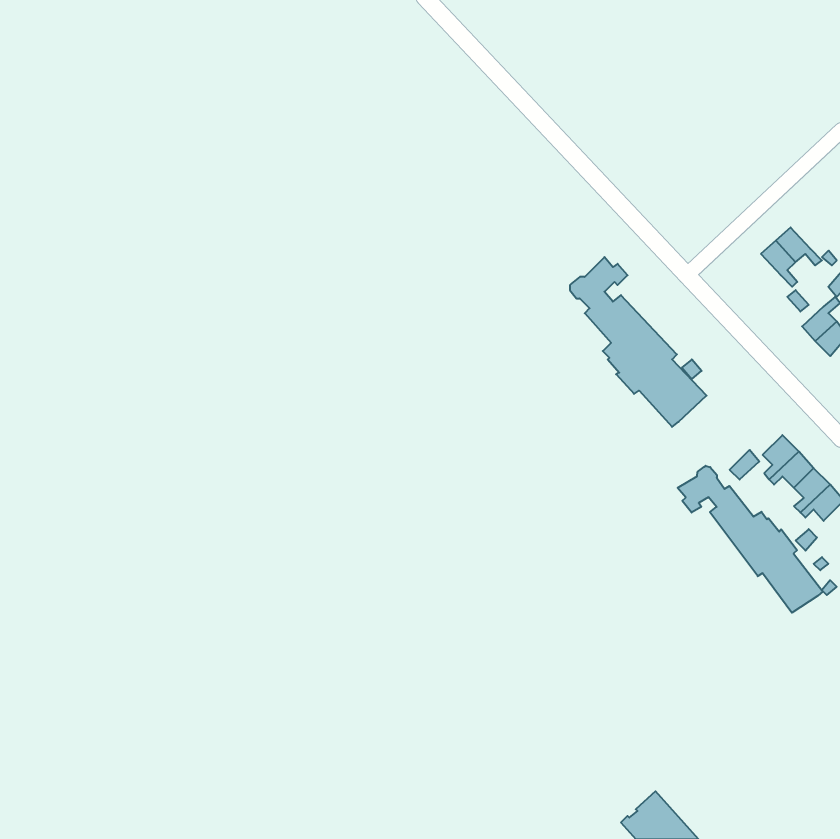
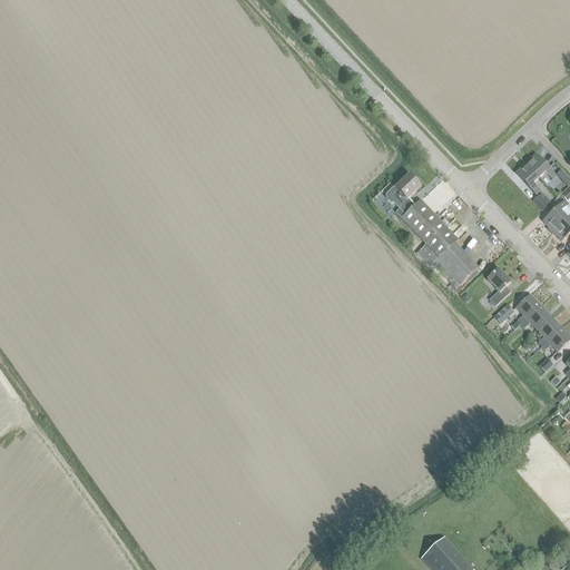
building: none -> [488,268,511,306]
building: [678,466,823,613] -> none

